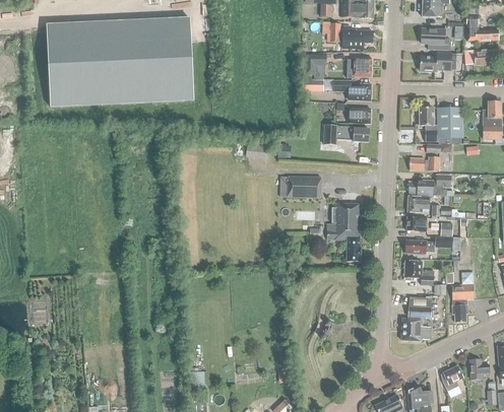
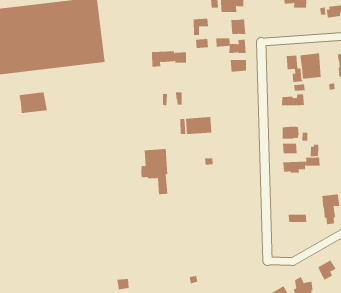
building: [419,52,455,70] -> none
building: [323,124,369,143] -> [151,51,187,67]
building: none -> [19,92,47,114]
building: [408,173,450,194] -> none
building: [326,203,361,260] -> [140,149,168,195]
building: [403,259,433,283] -> none
building: [400,317,430,339] -> none

